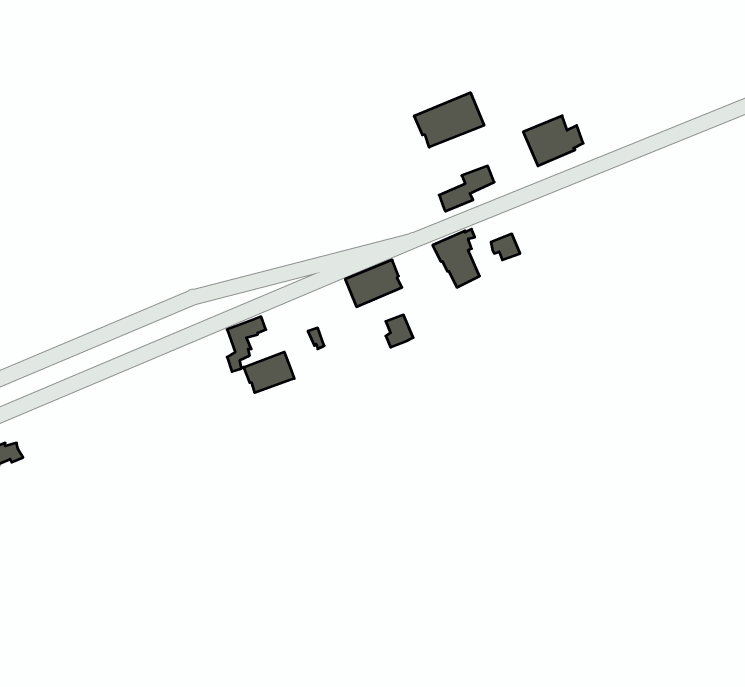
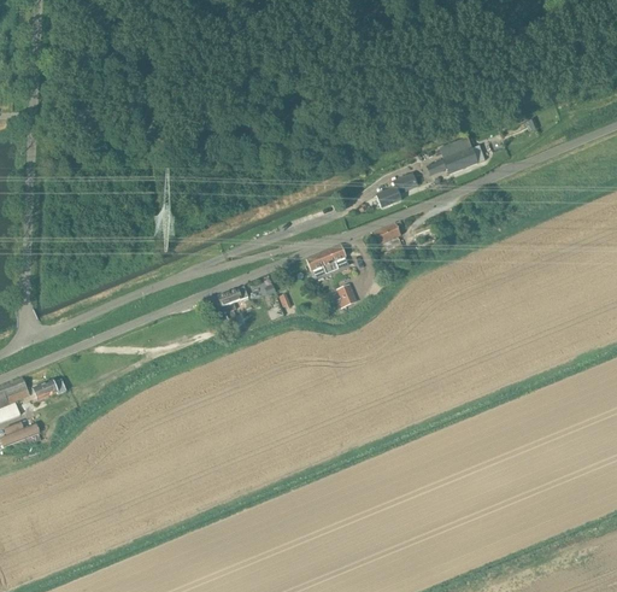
building: [414,93,484,147] -> none
building: [244,352,294,393] -> none

